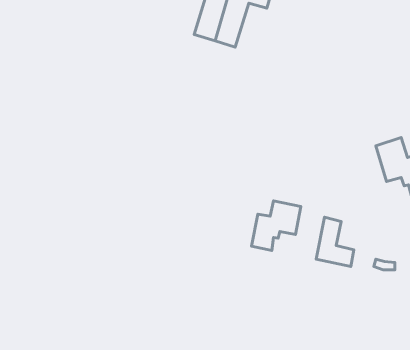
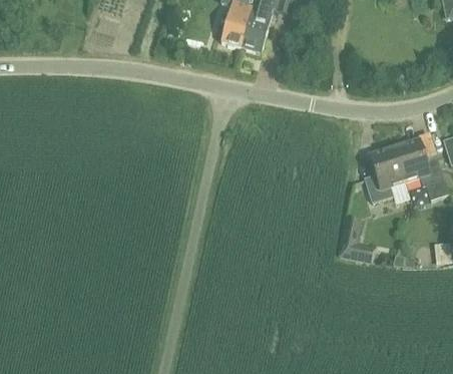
building: none -> [364,145,405,200]
building: [252,201,301,251] -> none

